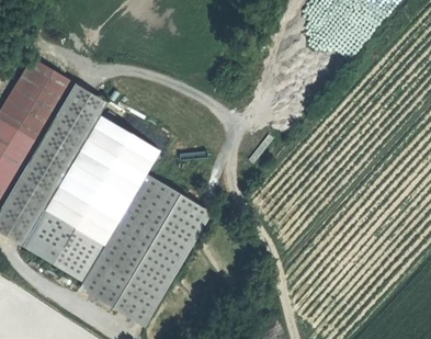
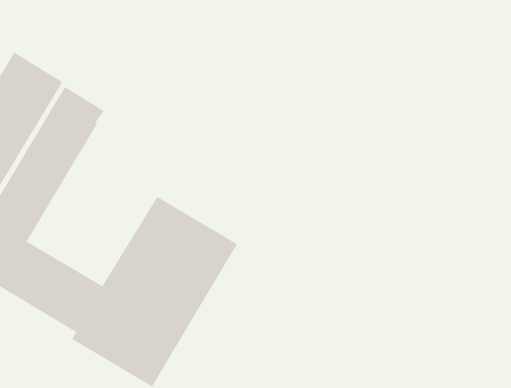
building: [43,116,159,246] -> none

